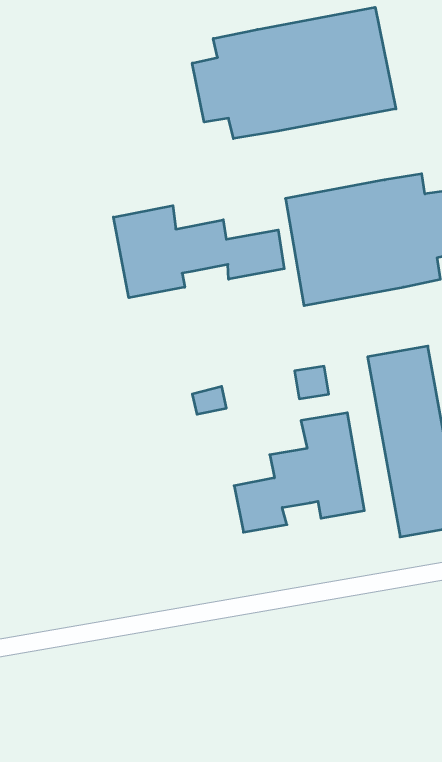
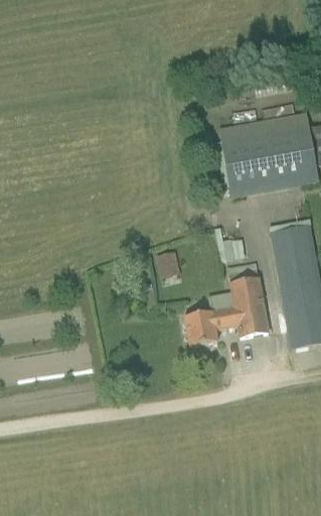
building: [192,7,396,139] -> none
building: [113,206,284,298] -> none

